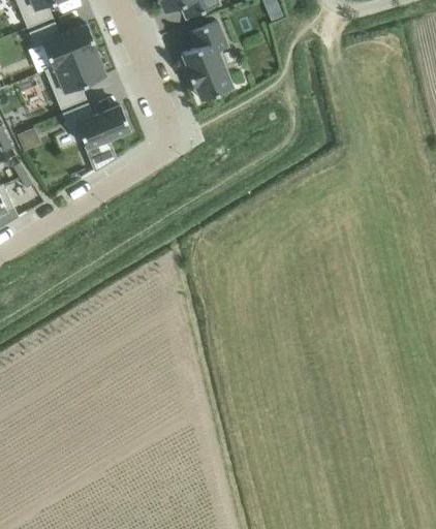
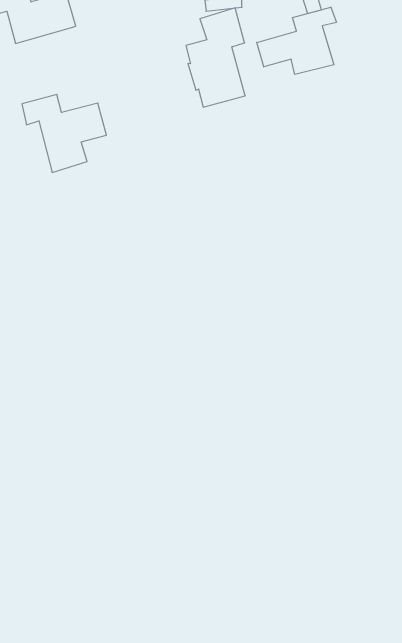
building: none -> [257,7,336,74]
building: [44,50,104,108] -> none

